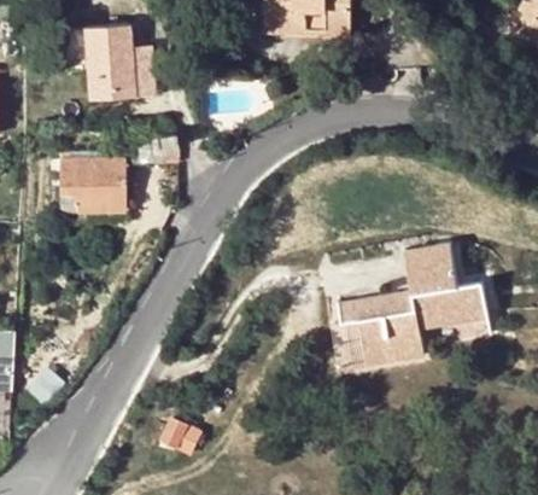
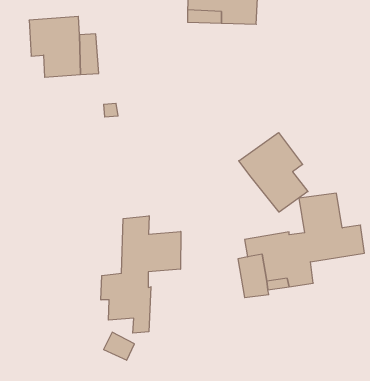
building: [59,153,127,212] -> none
building: none -> [239,133,308,212]
building: none -> [101,216,181,333]

